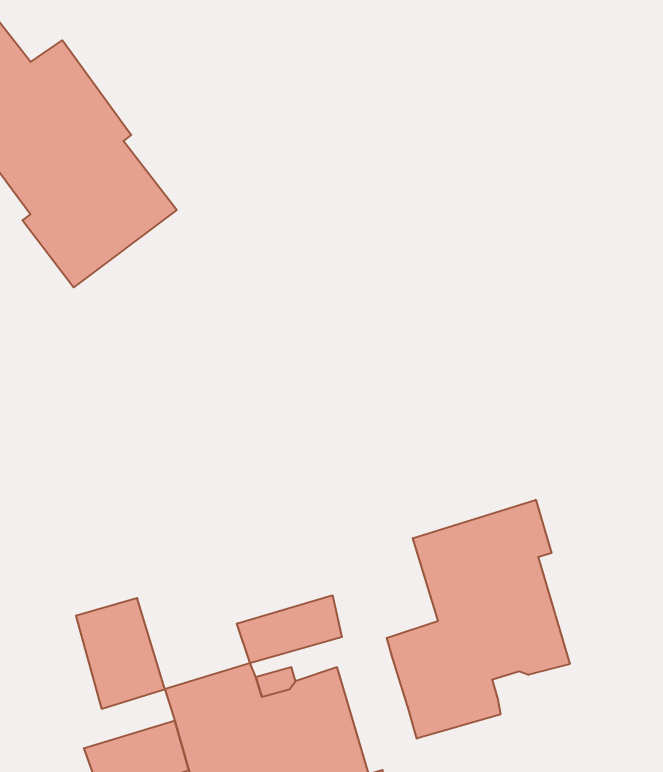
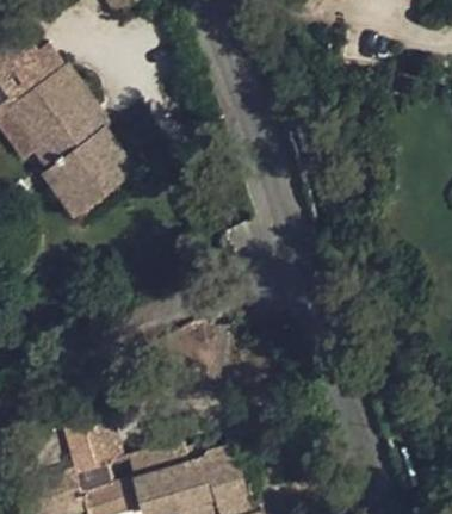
building: [387,500,570,739] -> none
building: [237,595,342,663] -> none

